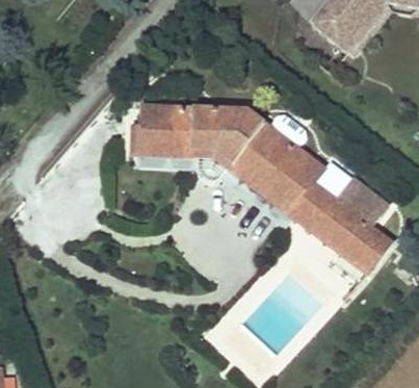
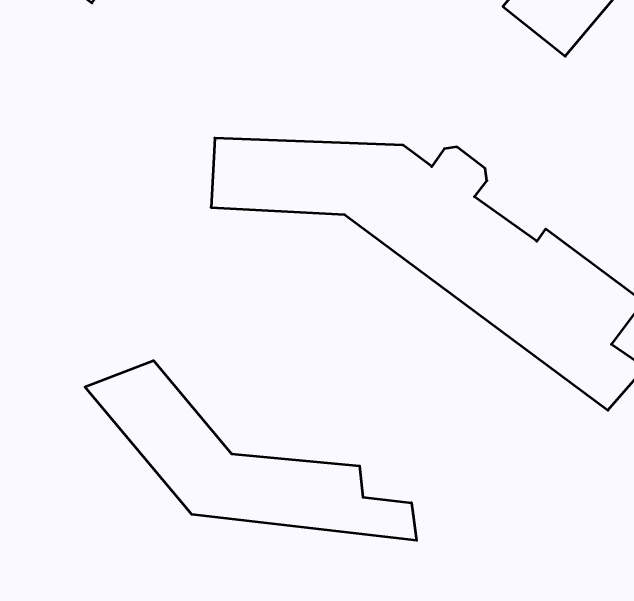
building: none -> [85,361,417,540]

